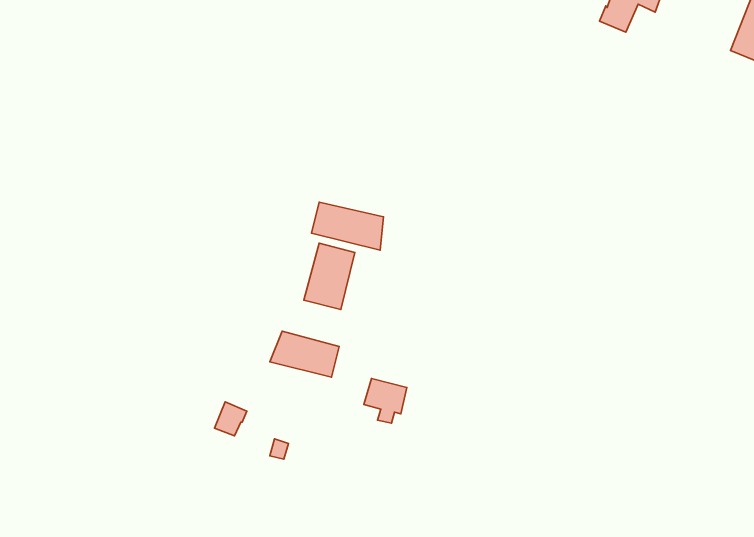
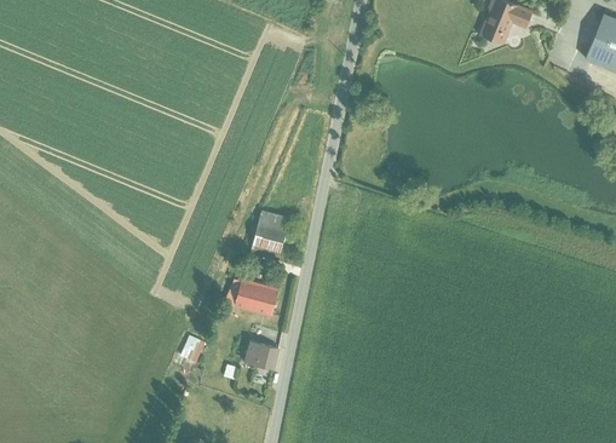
building: [312,202,383,250] -> none
building: [364,378,407,423] -> [244,340,278,375]

